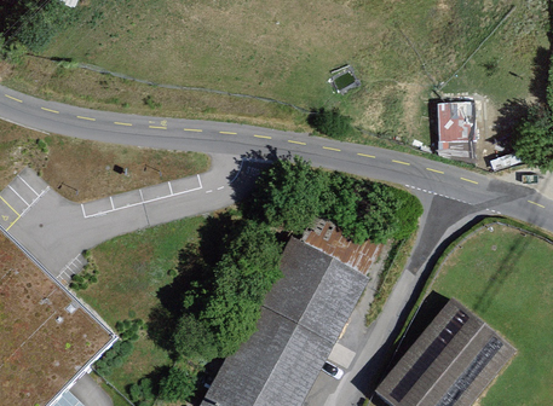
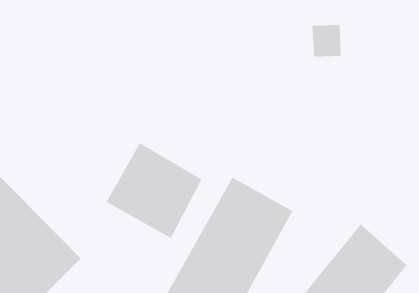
building: [439,100,477,141] -> [311,24,342,57]
building: none -> [105,142,202,239]

